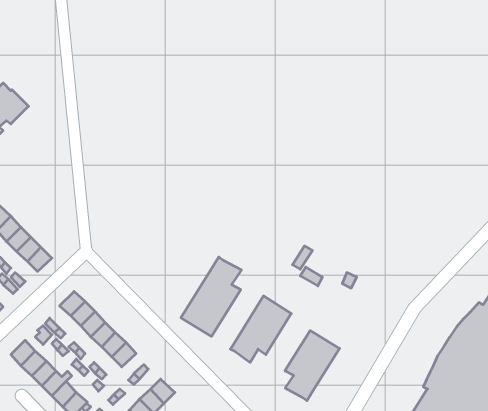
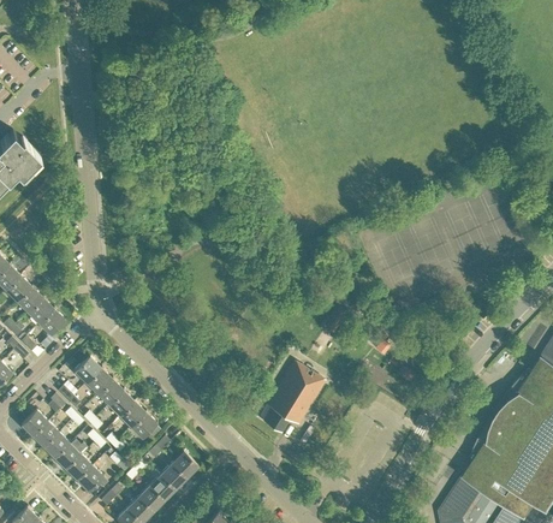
building: [181,257,241,336] -> none
building: [285,331,340,401] -> none

